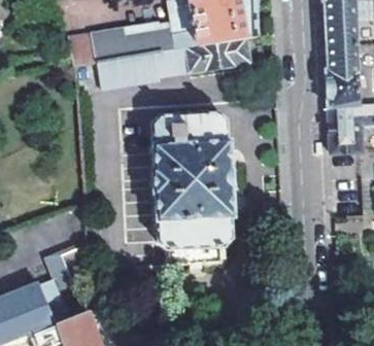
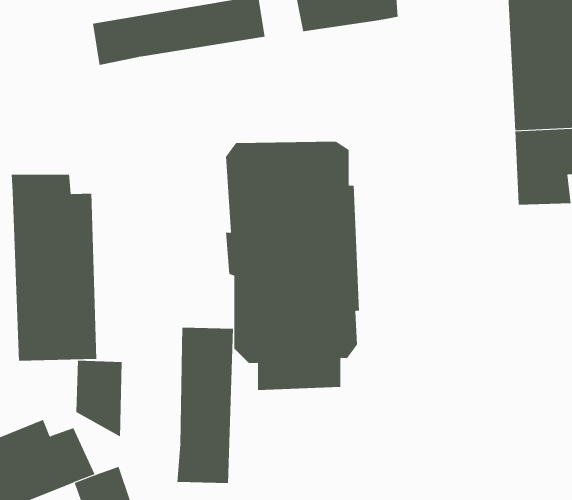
building: [99,38,250,86] -> none
building: none -> [11,174,97,362]
building: none -> [177,327,234,484]

